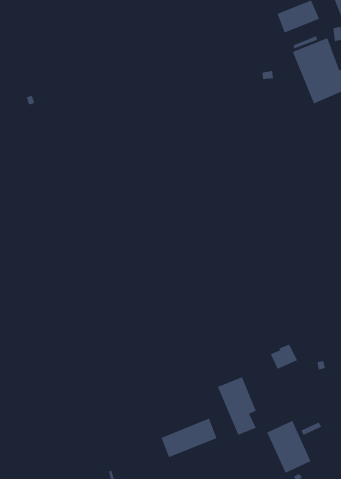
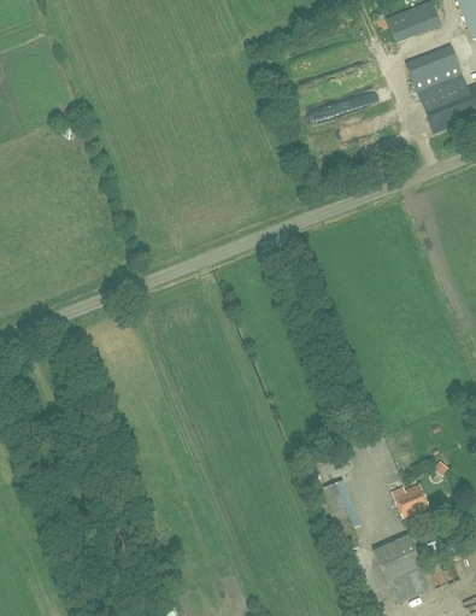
building: [270,343,298,370] -> [394,485,430,518]
building: [160,417,218,458] -> none

